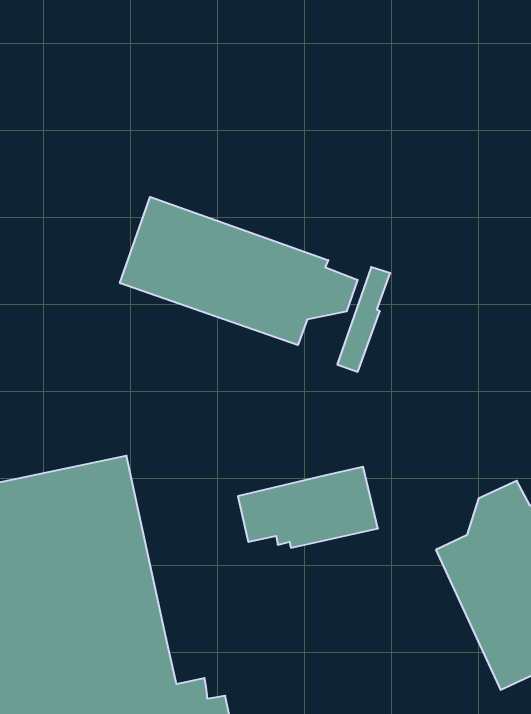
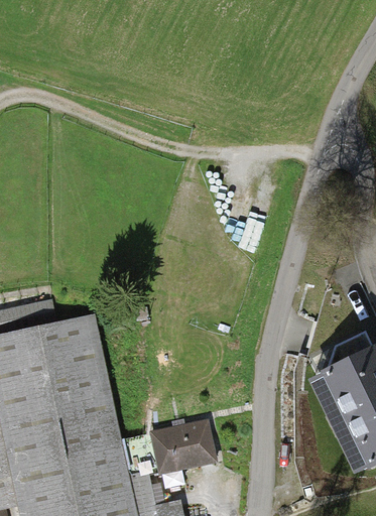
building: [120,197,358,345] -> none
building: [238,467,378,548] -> [123,420,219,476]

